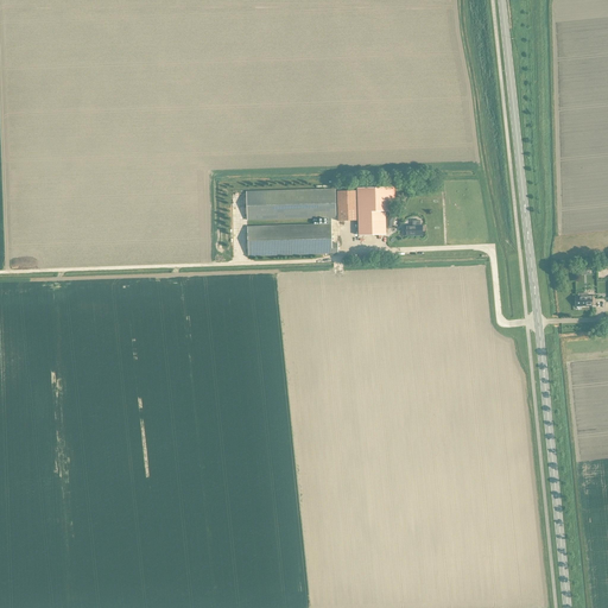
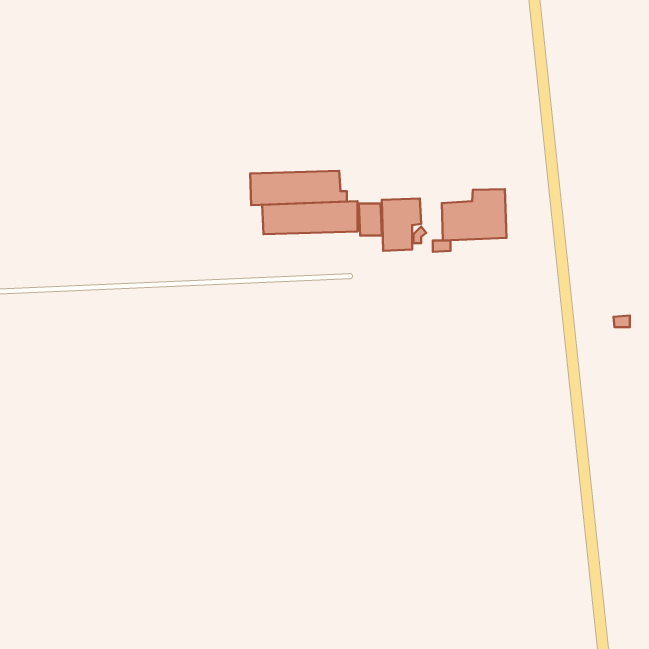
building: none -> [442,189,506,241]
building: [246,223,336,255] -> [250,171,347,205]

